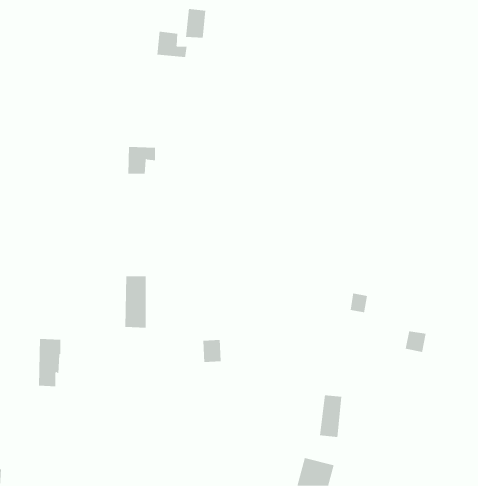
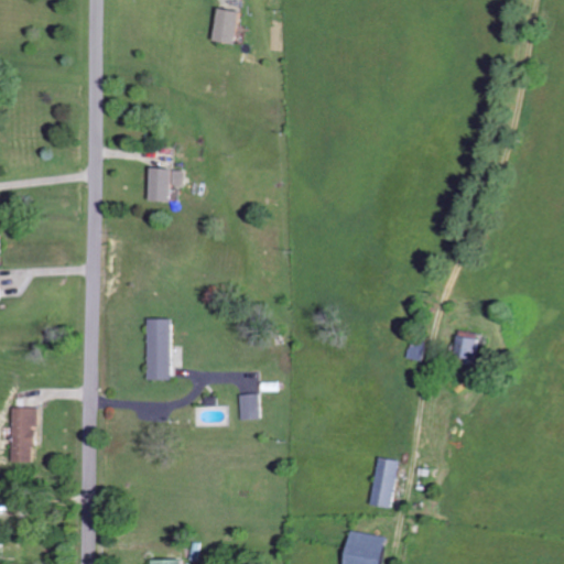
building: [157,31,187,58] -> none
building: [405,331,427,353] -> [456,337,481,362]
building: [38,338,61,387] -> [9,406,35,463]

